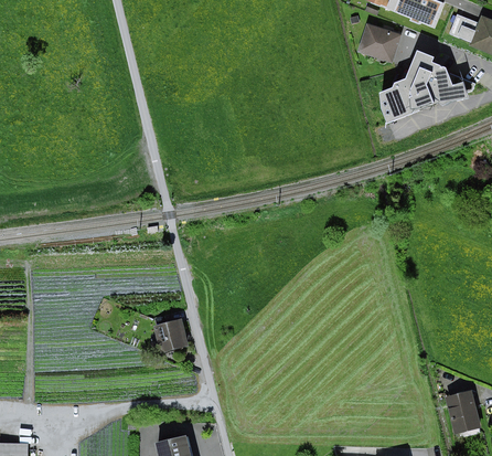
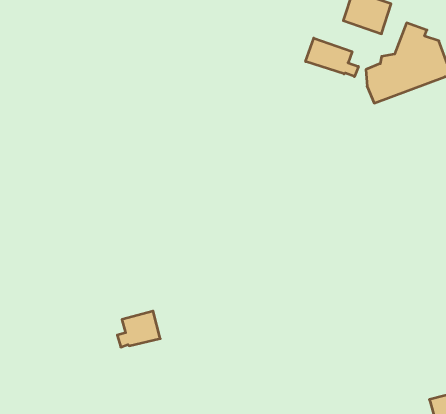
building: none -> [306,38,358,77]

